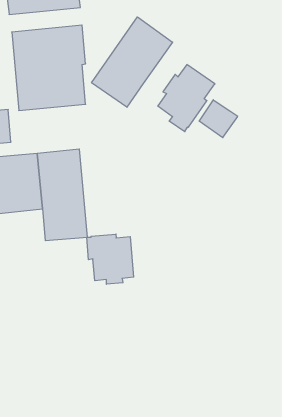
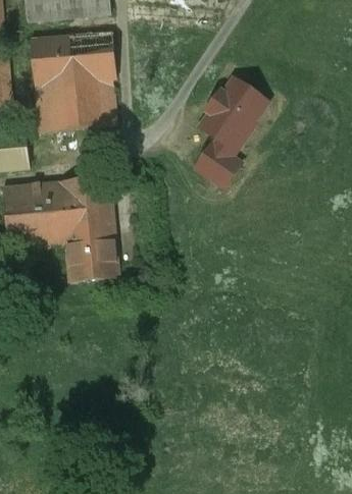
building: [92,17,173,107] -> none
building: [199,100,238,138] -> [196,142,241,185]
building: [87,234,134,284] -> none

